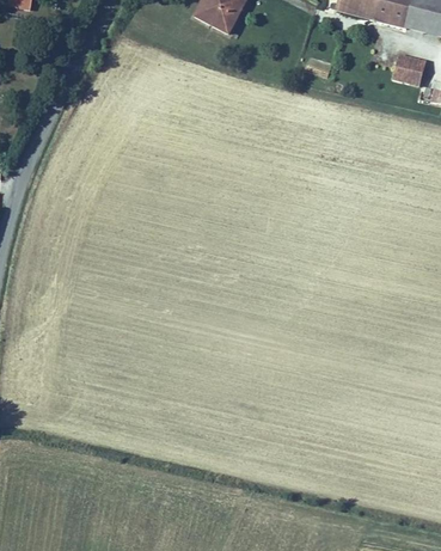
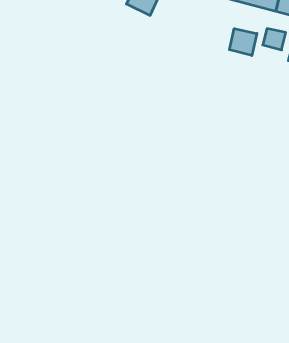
building: none -> [229,29,257,56]

